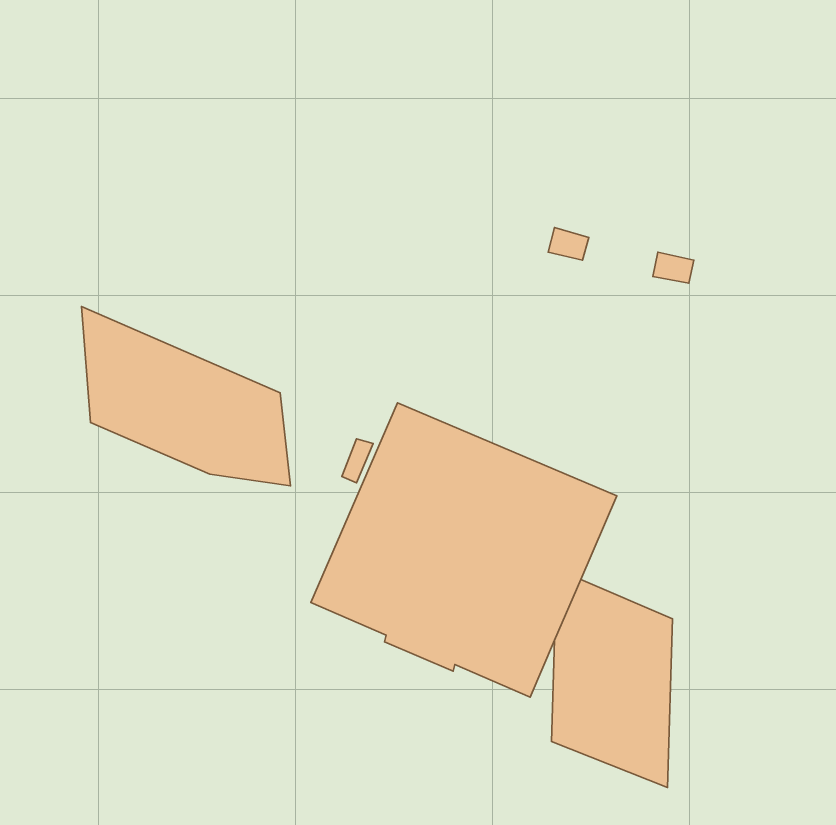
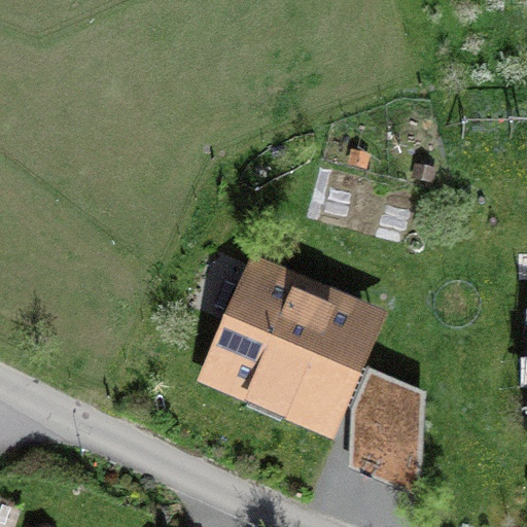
building: [82,307,291,486] -> none

